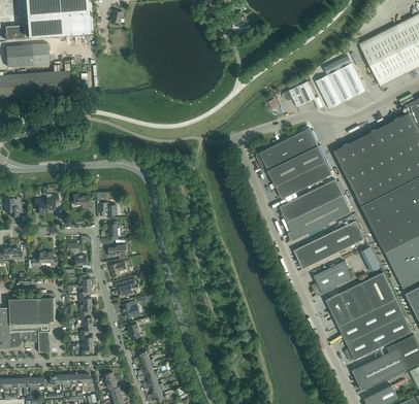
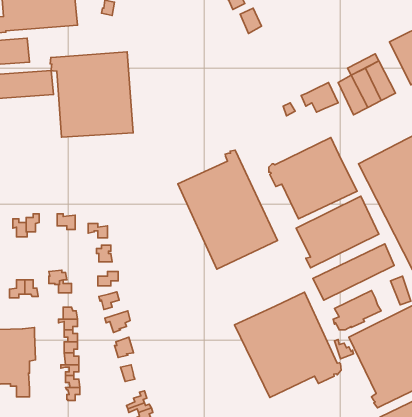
building: none -> [50,52,133,137]
building: none -> [178,150,278,269]
building: none -> [235,292,341,397]

